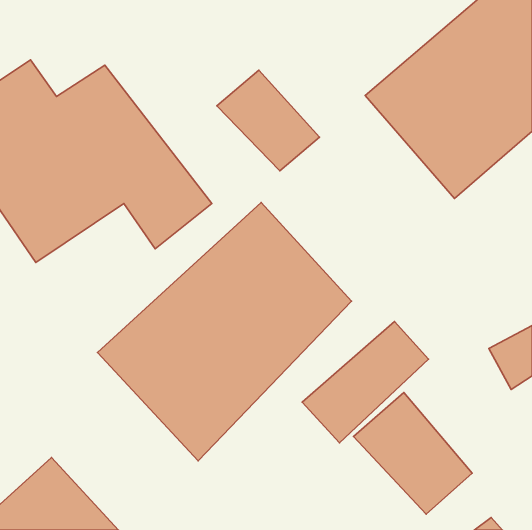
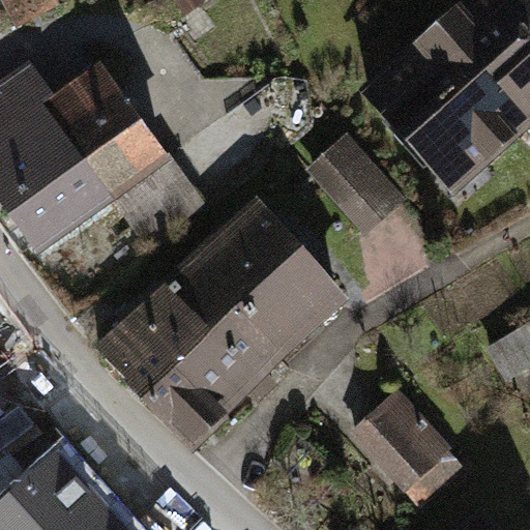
building: [217,70,320,171] -> [304,130,406,230]
building: [302,321,429,443] -> none

